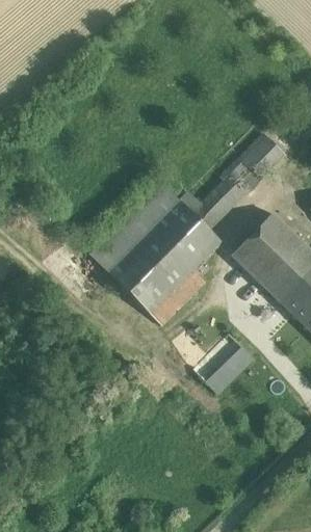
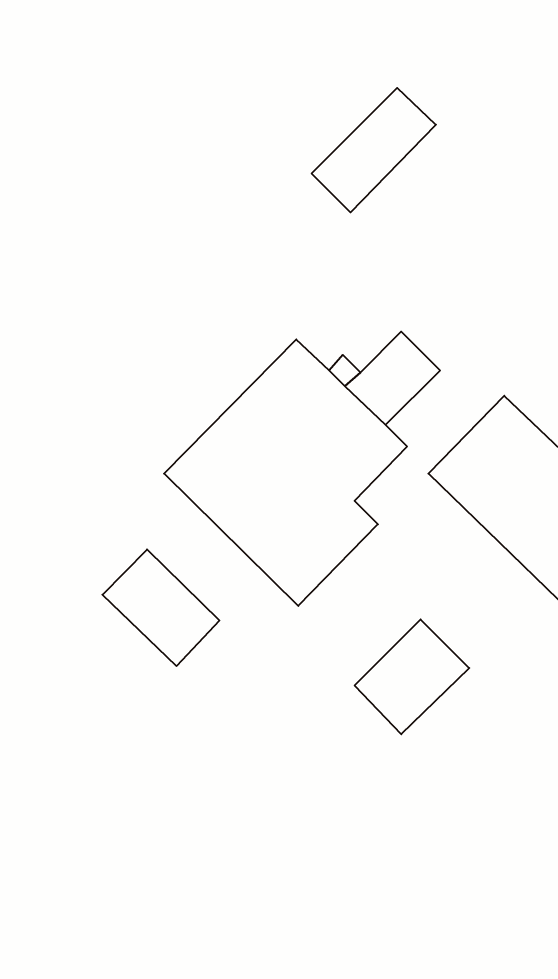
building: [217,134,284,201] -> [312,88,436,212]
building: none -> [102,549,219,666]

